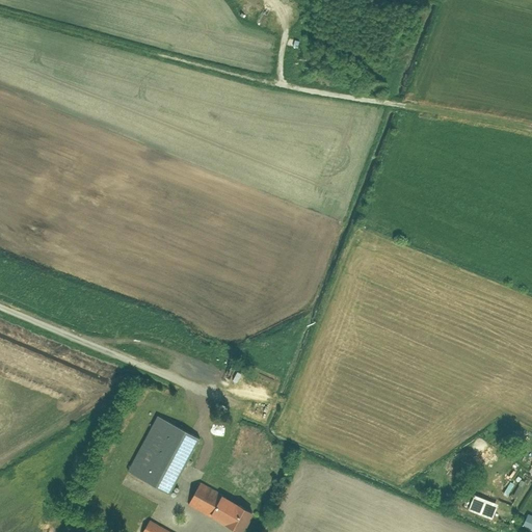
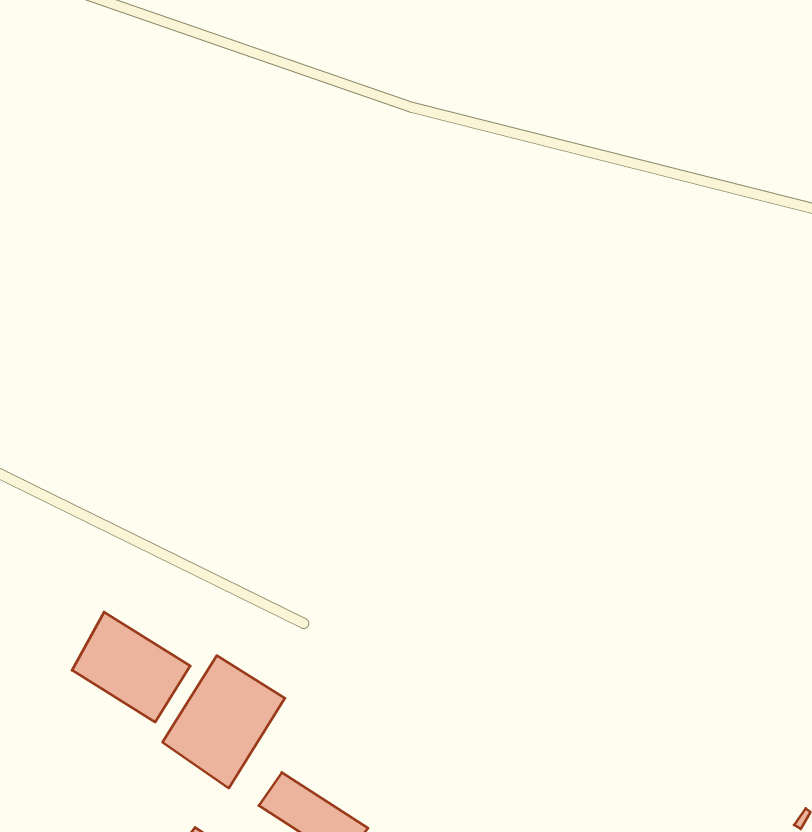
building: none -> [72,612,190,722]

